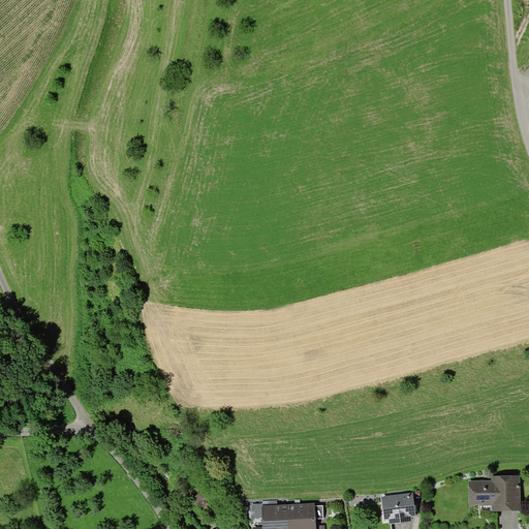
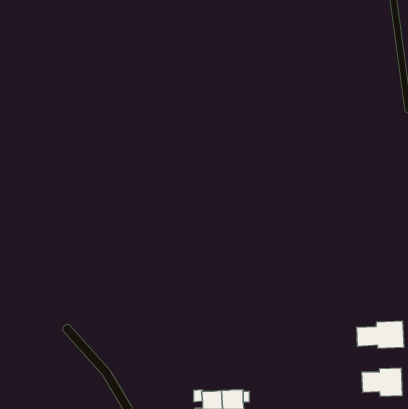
building: none -> [357,321,404,348]
building: [380,493,415,524] -> none

